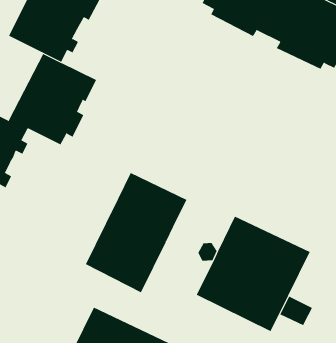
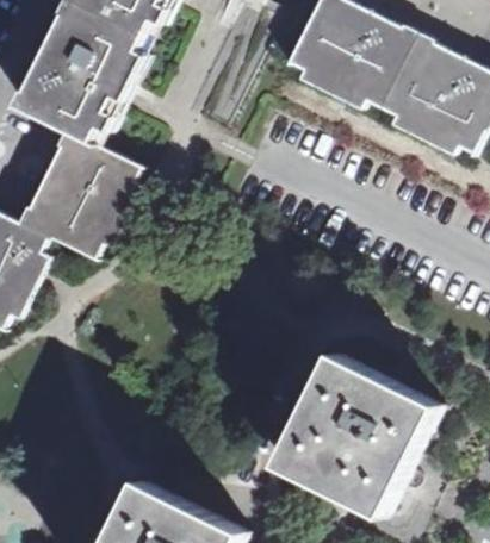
building: [85,172,187,293] -> none

